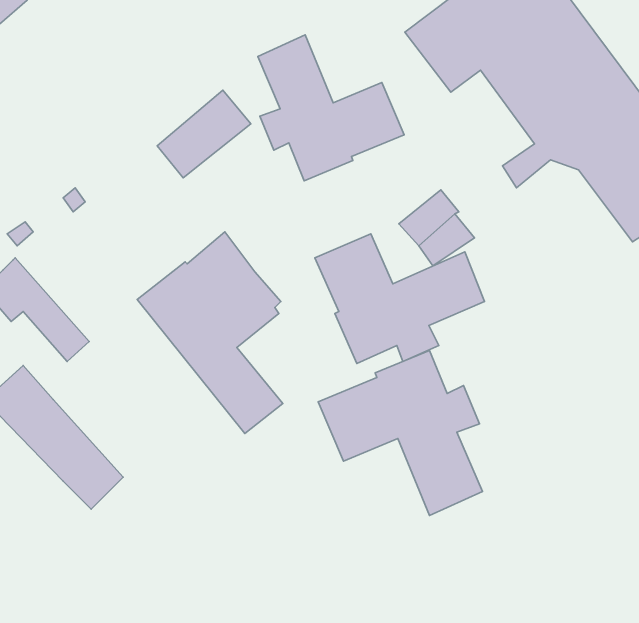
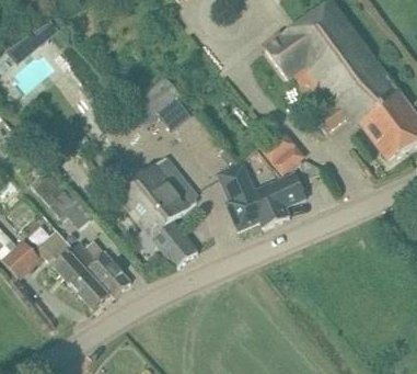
building: [258,35,404,181] -> none
building: [318,350,482,515] -> none
building: none -> [71,239,130,296]

